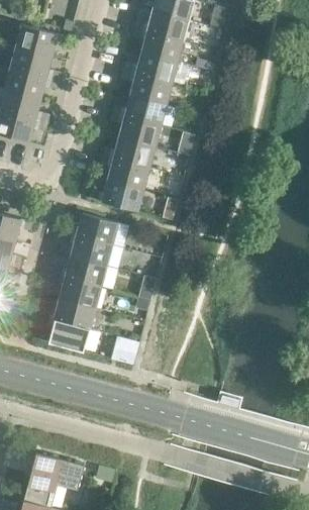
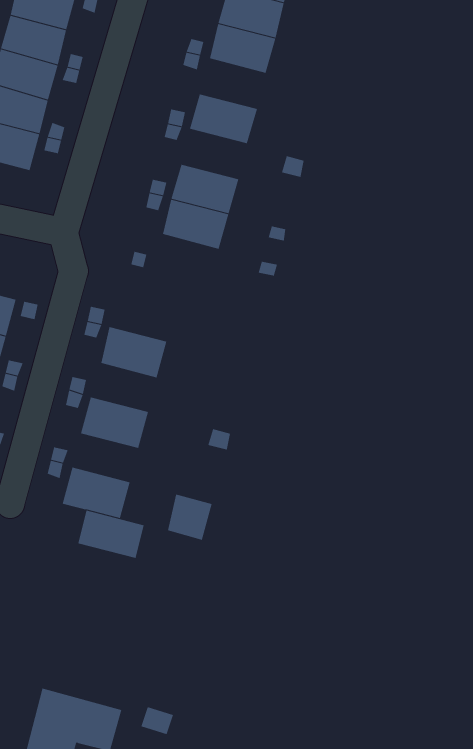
building: [130,74,171,104] -> none
building: [119,116,160,146] -> none
building: [102,180,142,211] -> none
building: [76,213,117,244] -> none
building: [65,258,105,287] -> none
building: [54,300,94,329] -> [78,510,144,559]

